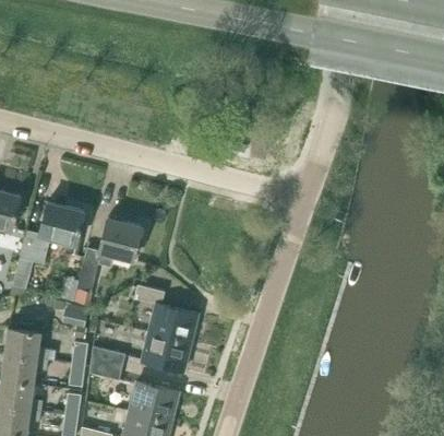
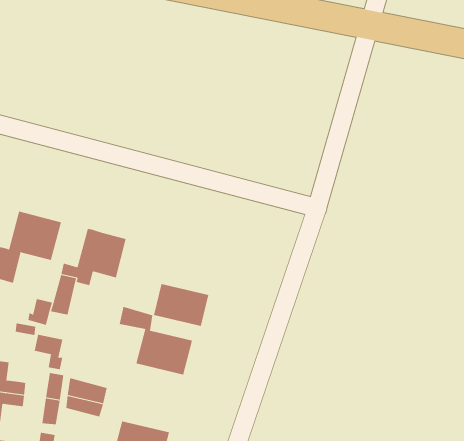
building: [142,333,190,370] -> [153,283,209,327]

